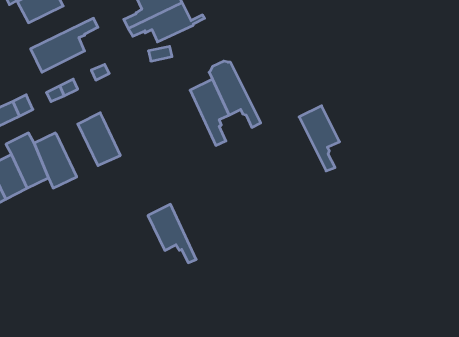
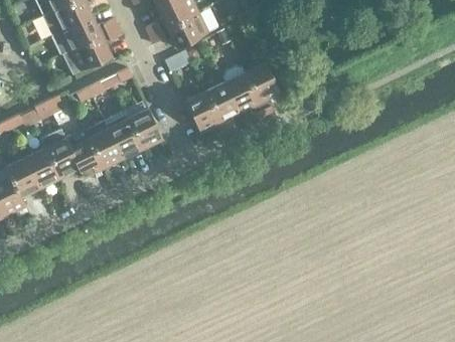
building: none -> [60,15,119,53]
building: [299,106,340,171] -> [245,61,281,120]
building: none -> [128,108,163,149]
building: none -> [86,121,123,168]
building: [148,204,196,263] -> [185,91,229,143]

